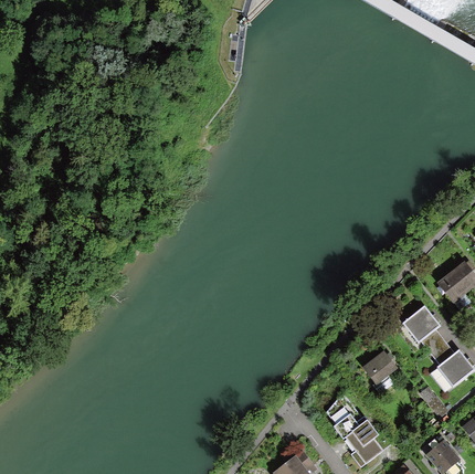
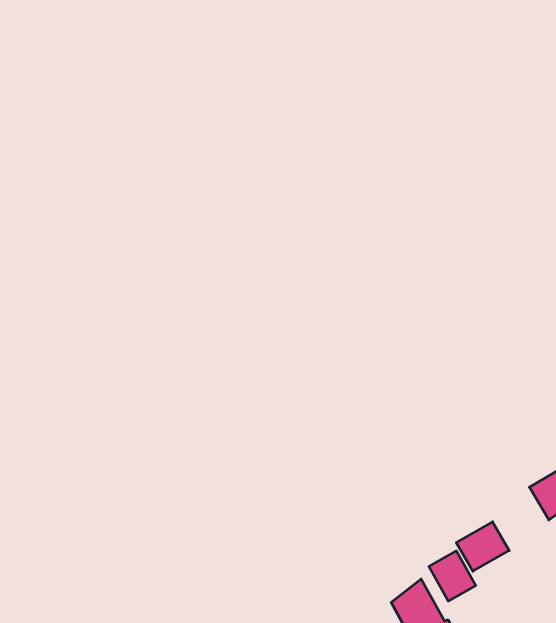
building: none -> [429,551,476,601]

